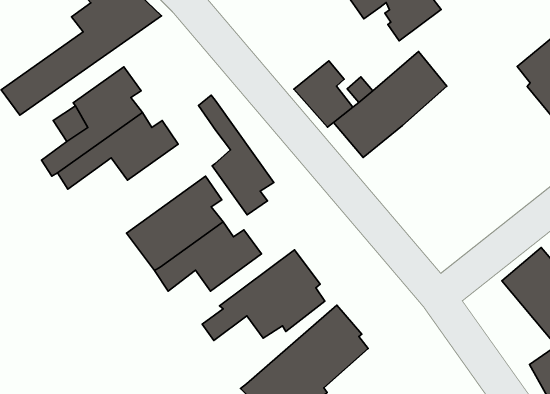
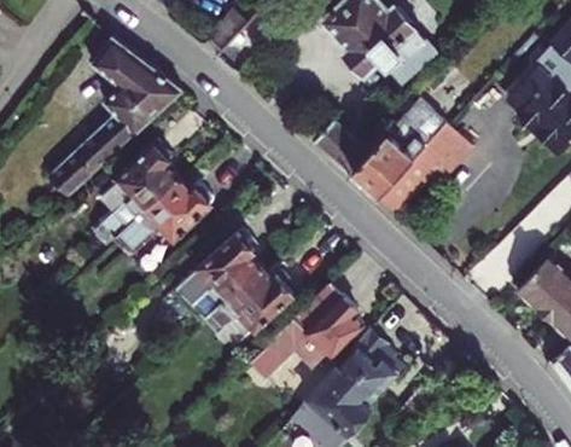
building: none -> [375,123,472,216]
building: [199,95,274,215] -> none

